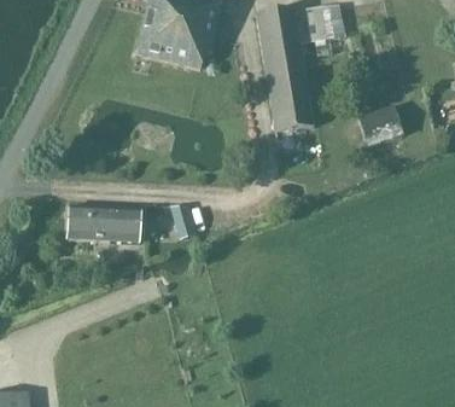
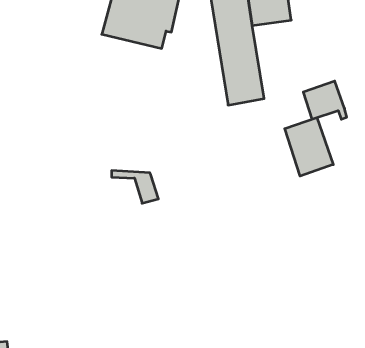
building: none -> [285,118,333,176]
building: [68,205,141,242] -> none

